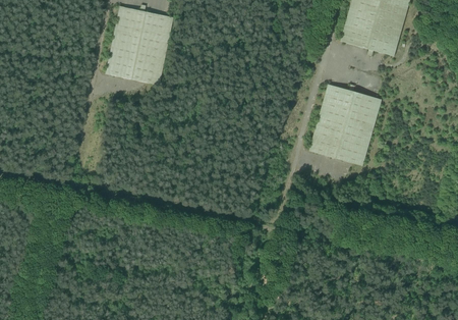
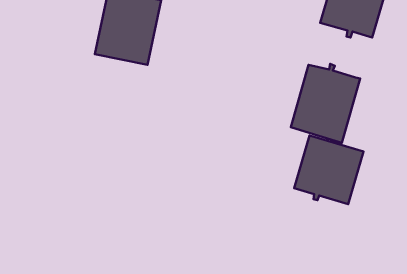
building: none -> [294,135,363,204]

